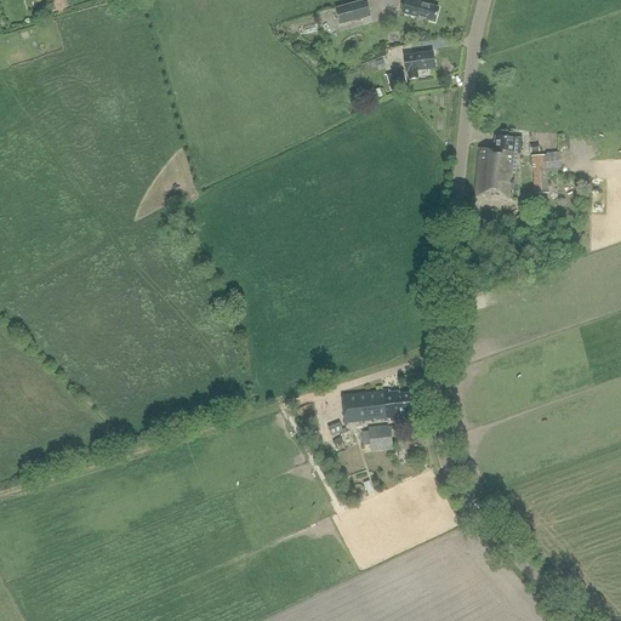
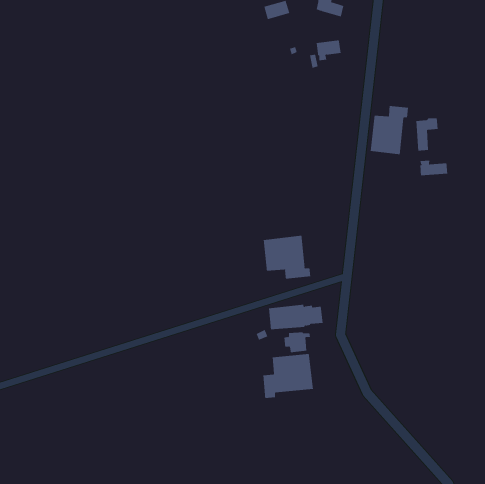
building: none -> [420,160,448,176]
building: none -> [263,235,311,279]
building: none -> [263,353,313,399]

